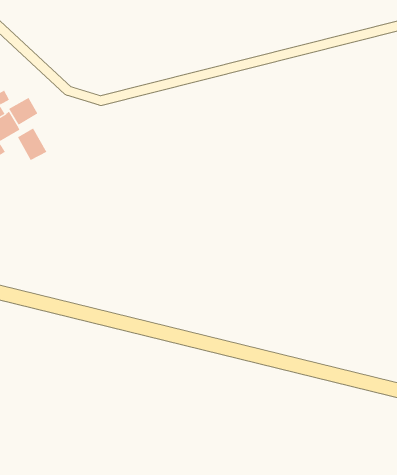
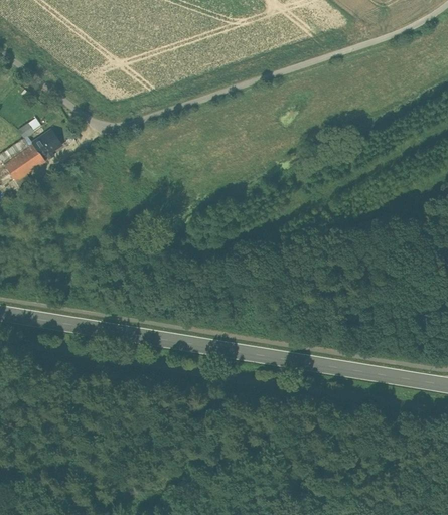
building: [17,127,47,161] -> none

